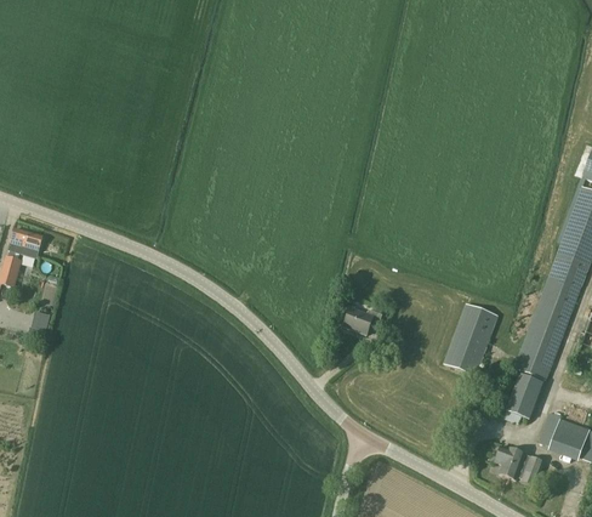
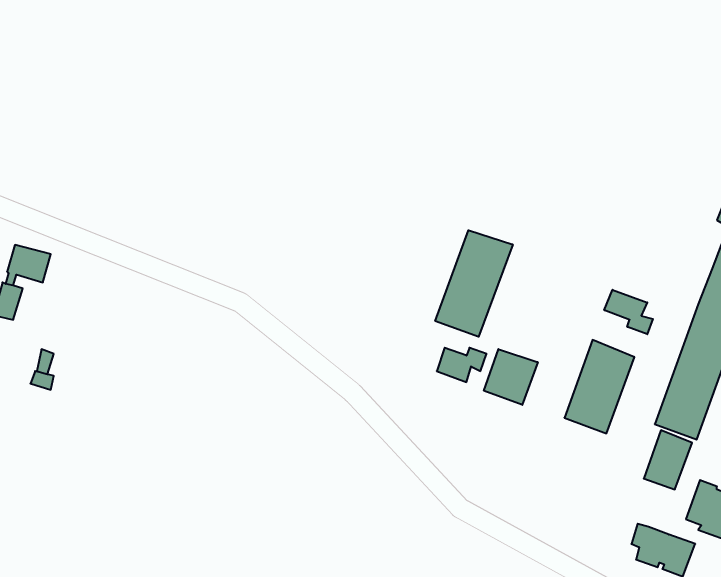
building: none -> [435,230,513,337]
building: none -> [604,290,653,334]
building: none -> [484,349,538,405]

